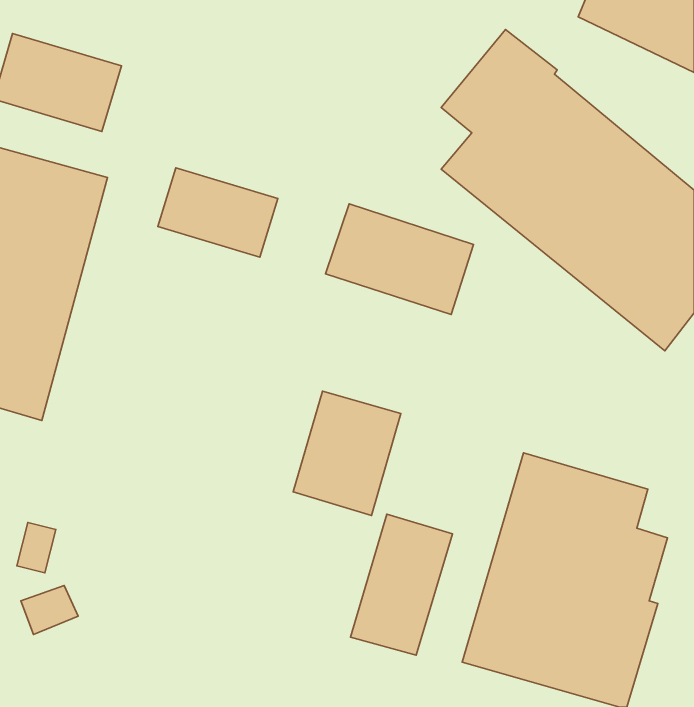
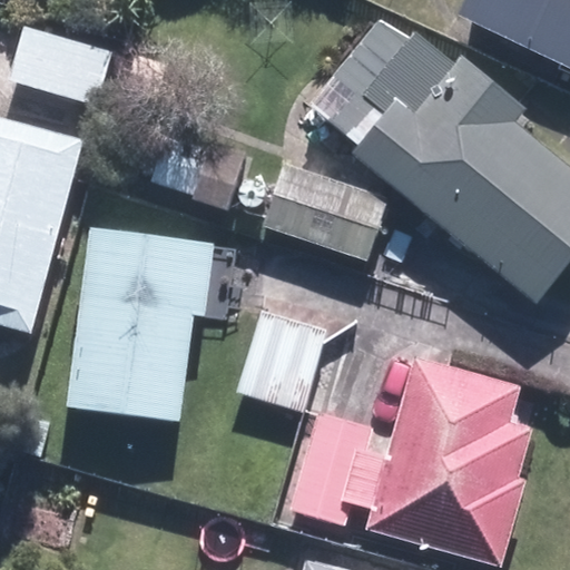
building: none -> [70,232,212,421]

